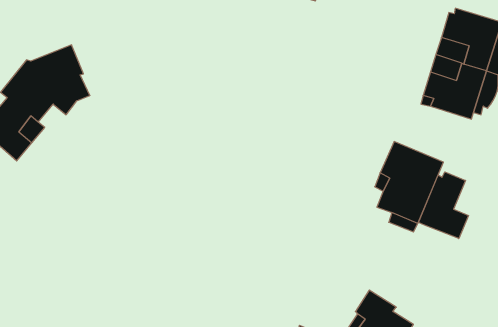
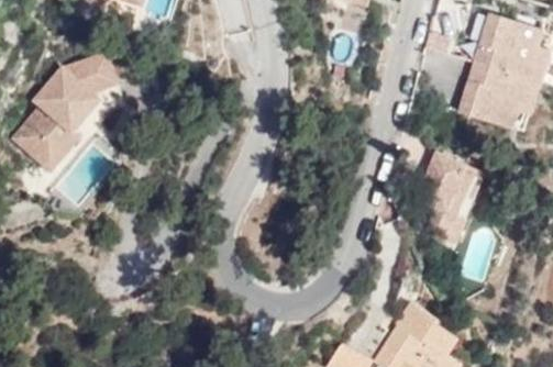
building: [419,172,469,239] -> none

